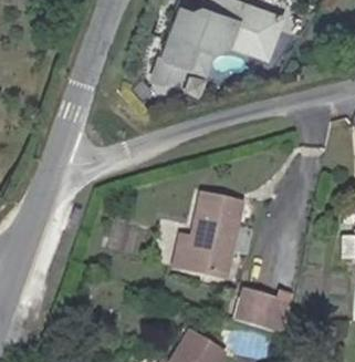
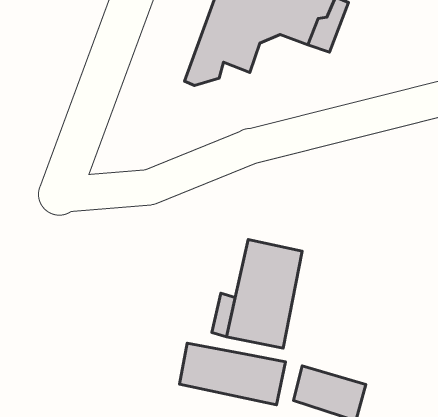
building: none -> [179,343,285,405]

